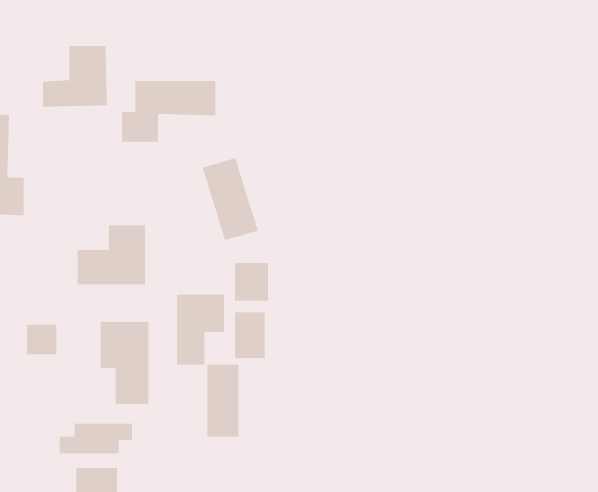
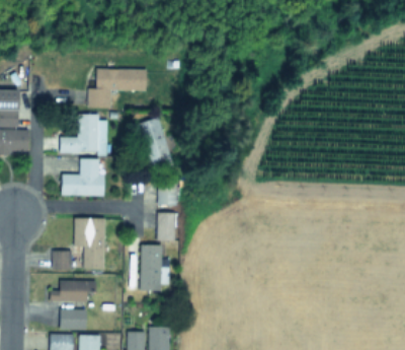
building: [42,45,108,107] -> [60,115,100,153]
building: [176,294,225,365] -> none
building: [26,324,57,355] -> [53,251,72,270]

